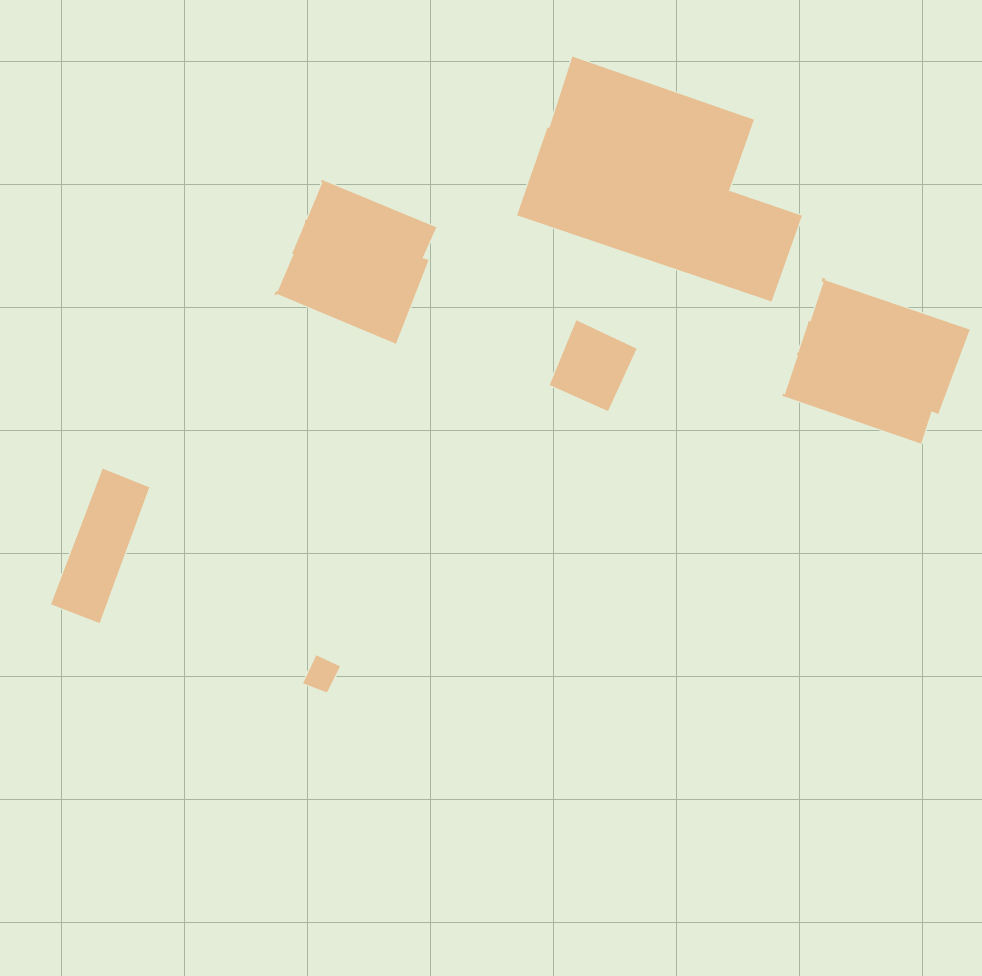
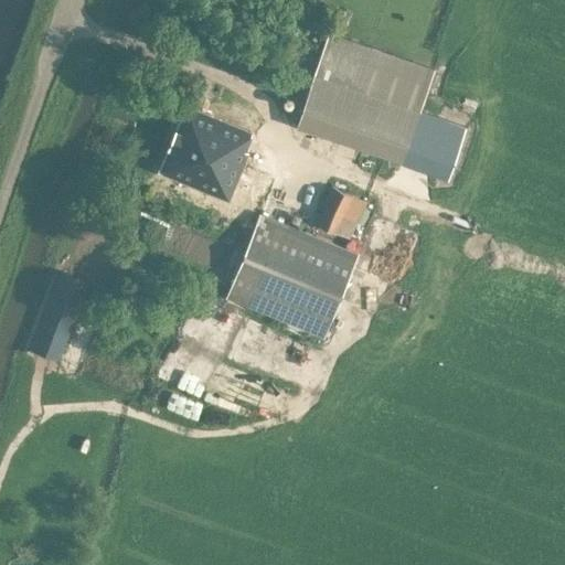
building: [782,277,971,444] -> none
building: none -> [226,214,359,339]

